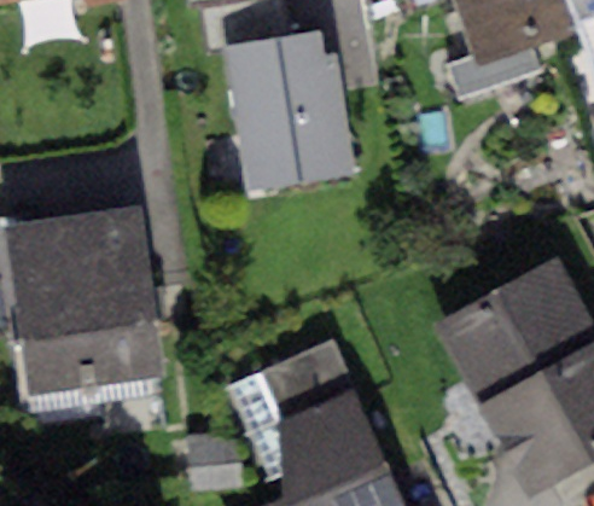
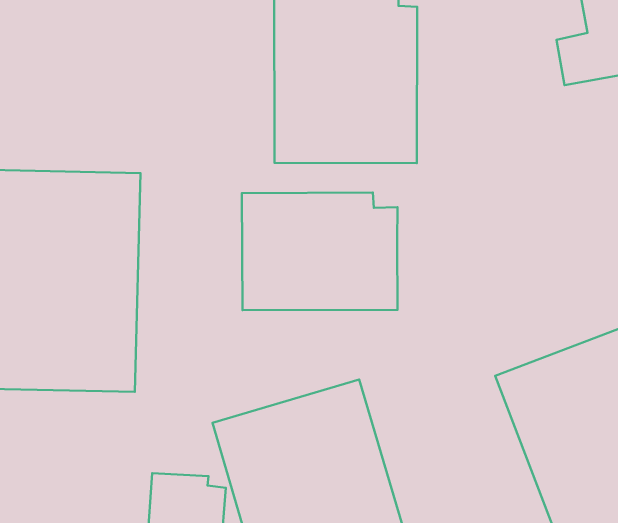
building: none -> [242,192,398,310]

